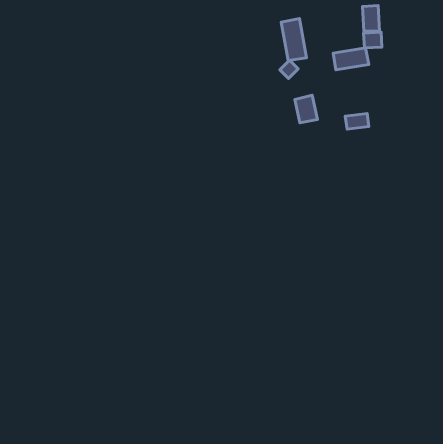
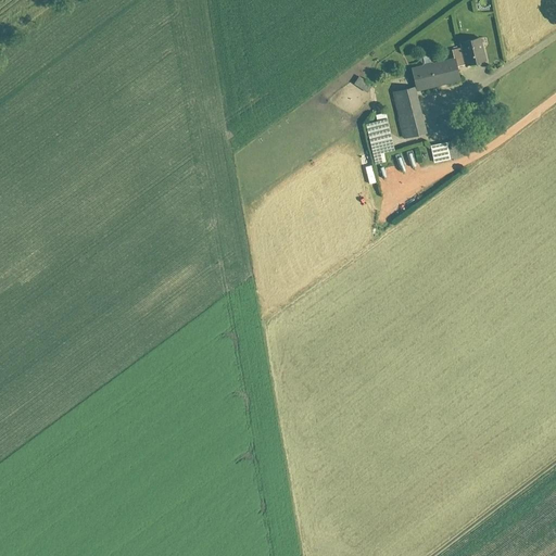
building: [363,6,379,31] -> none
building: [281,19,306,60] -> [393,87,425,139]

